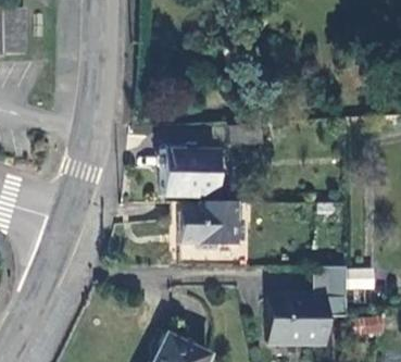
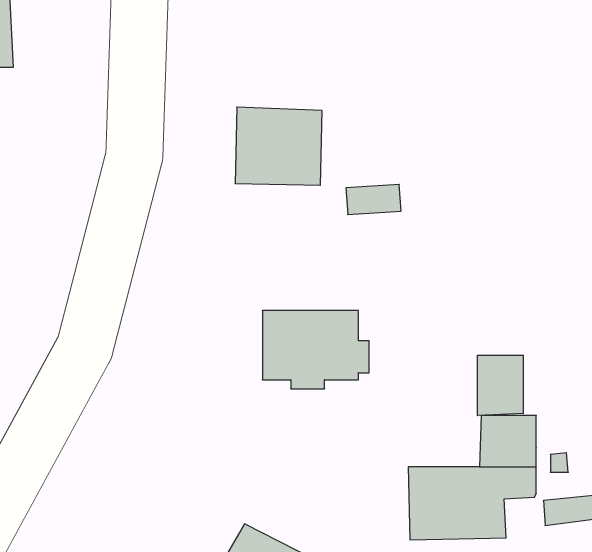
building: [165,149,218,197] -> [235,107,322,185]
building: none -> [478,355,523,416]

